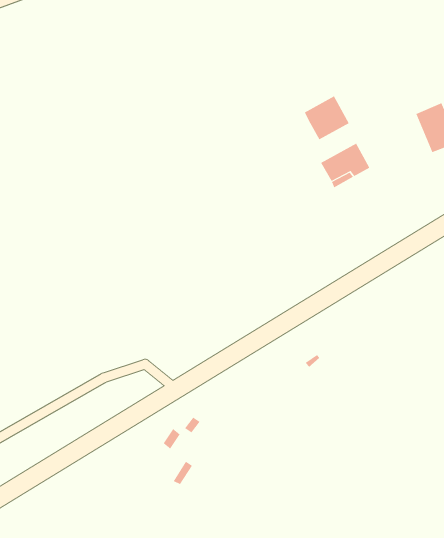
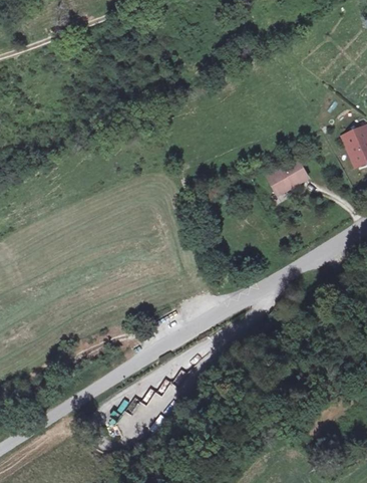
building: [304,96,349,140] -> none

